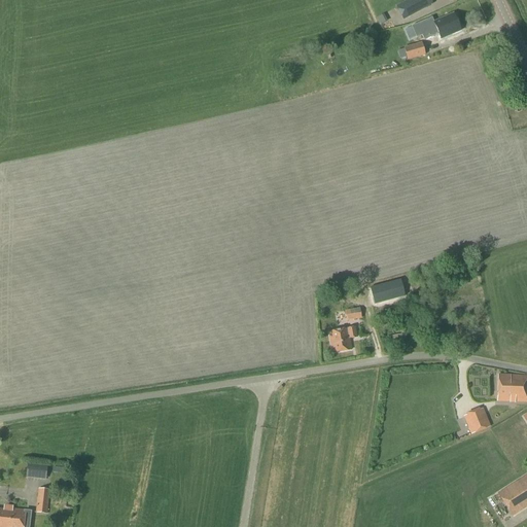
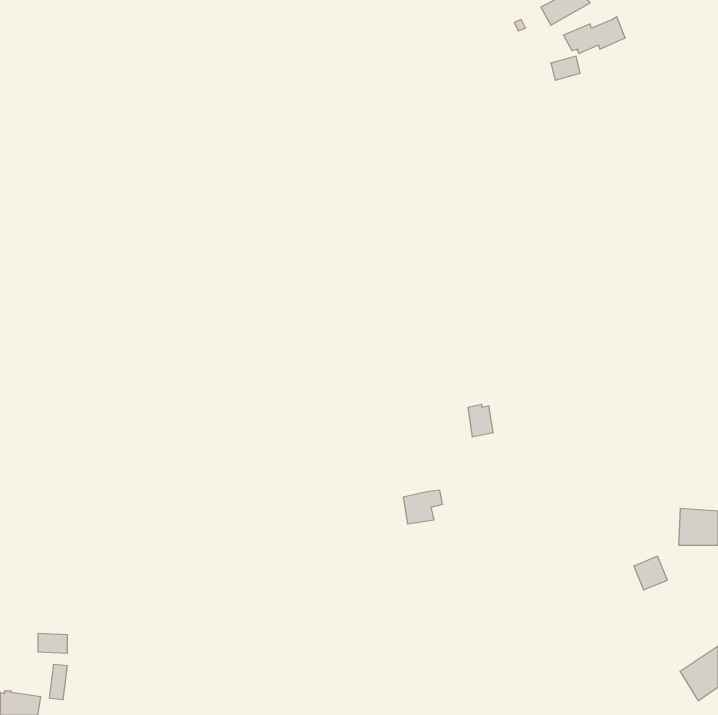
building: [370,278,403,303] -> none
building: [328,325,357,350] -> [403,490,443,524]

